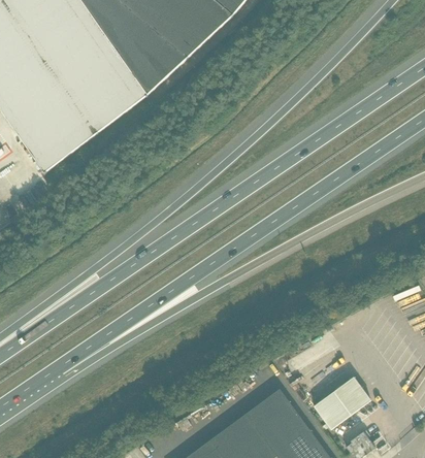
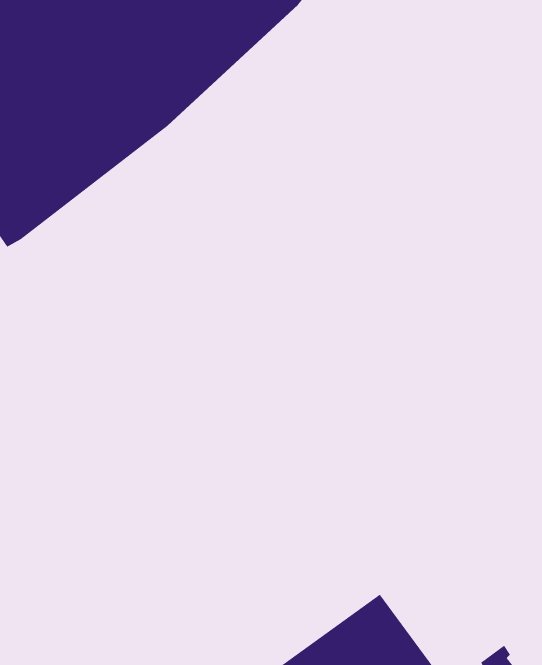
building: [312,375,369,428] -> none

